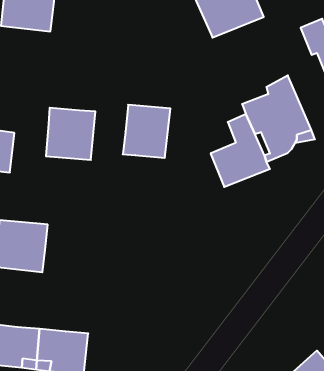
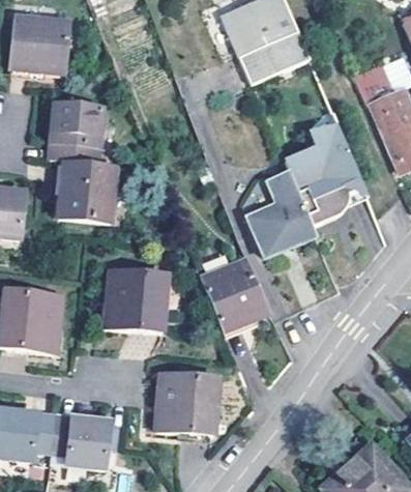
building: [123,105,170,158] -> [49,104,104,165]
building: none -> [202,259,268,330]
building: none -> [104,272,166,332]
building: none -> [155,375,217,435]

